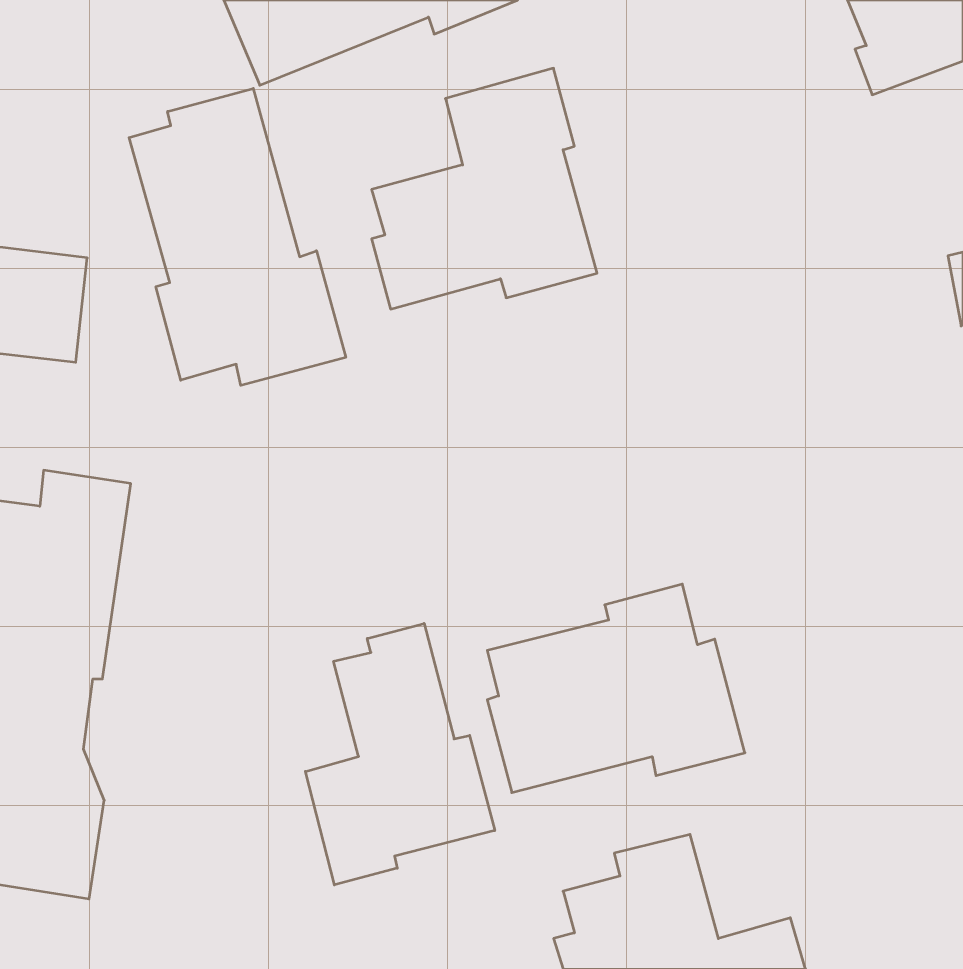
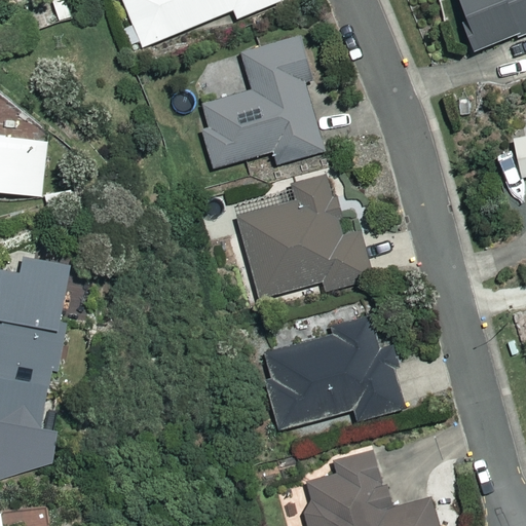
building: [129,88,346,385] -> none
building: none -> [235,175,372,300]
building: [305,623,495,885] -> none

